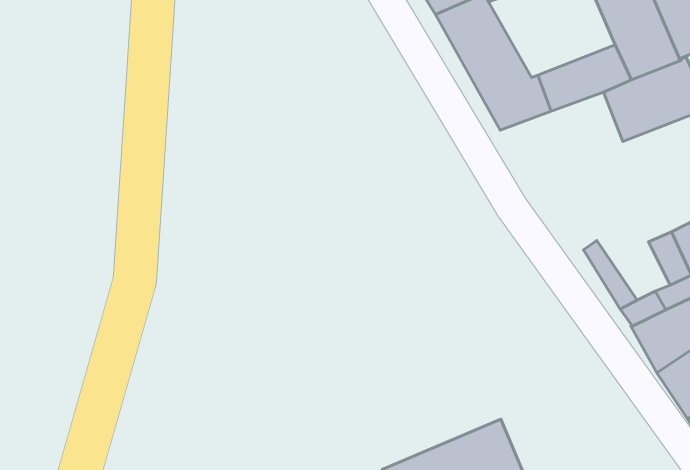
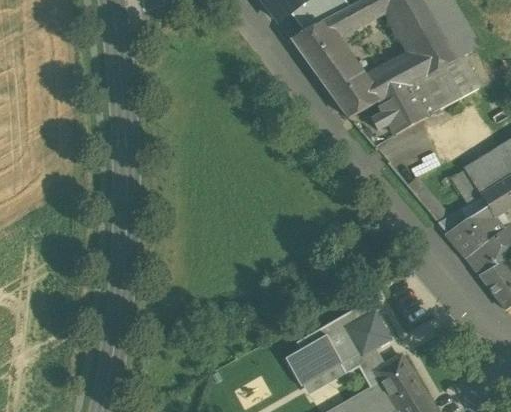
building: none -> [374,85,427,132]

